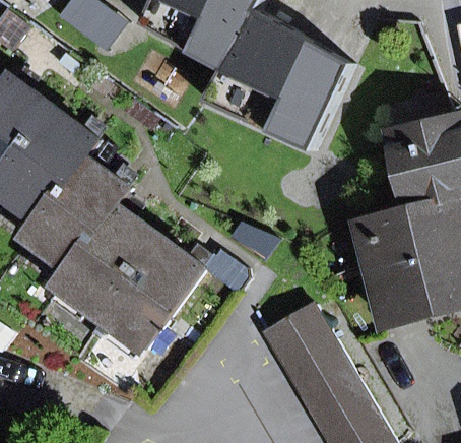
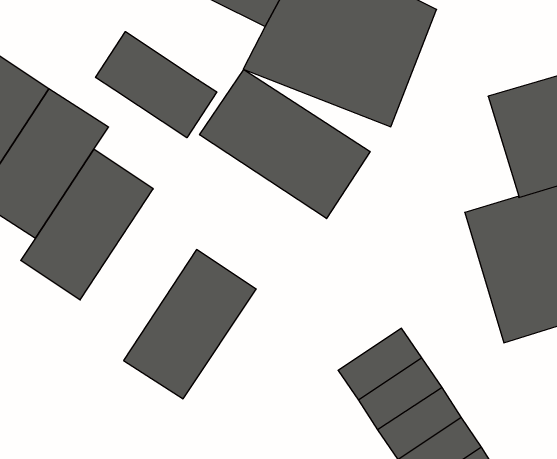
building: none -> [96,32,217,138]
building: none -> [200,69,370,219]
building: [57,204,159,317] -> none

